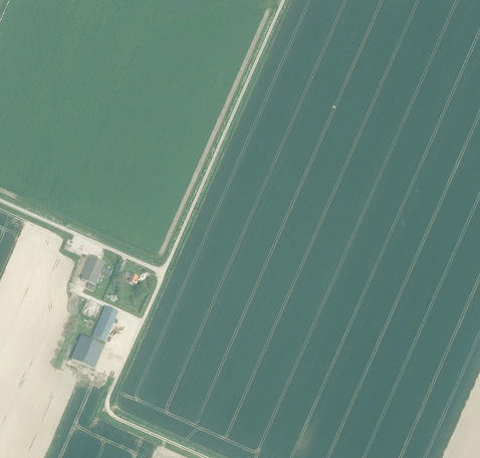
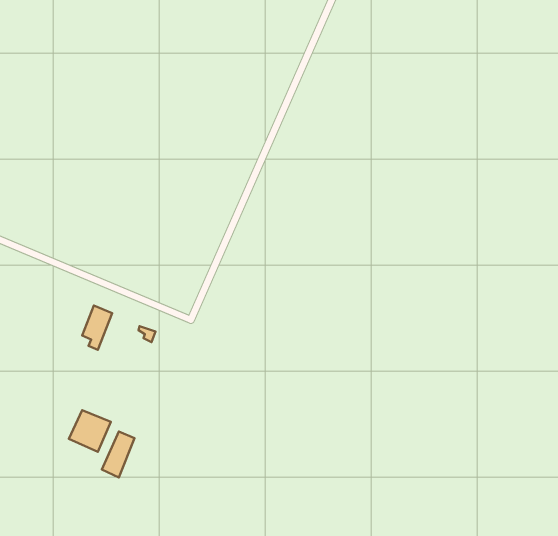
building: [92,304,117,339] -> [102,432,135,477]

